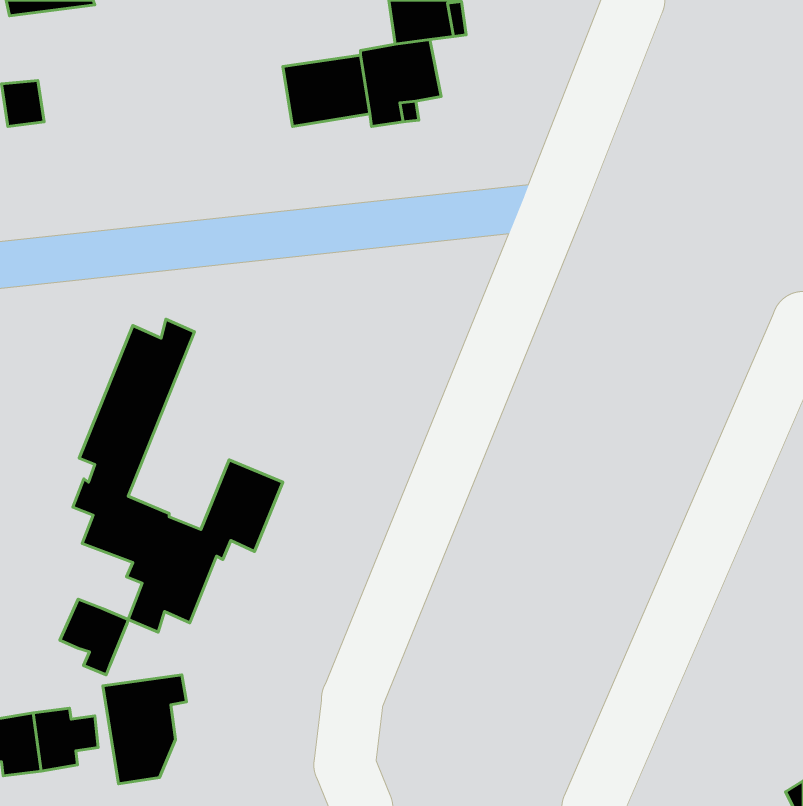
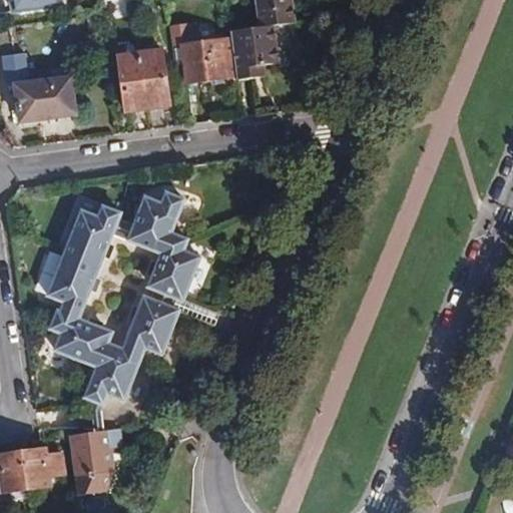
building: none -> [115,47,167,110]
building: none -> [15,75,77,122]
building: none -> [128,190,198,297]
building: [60,599,128,675] -> none

